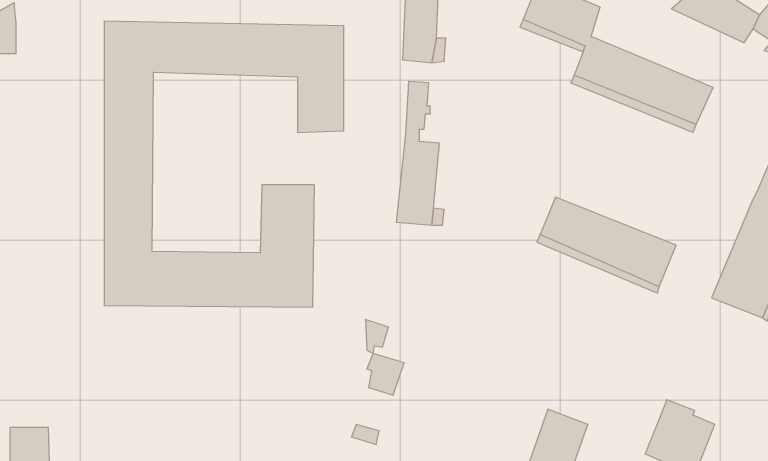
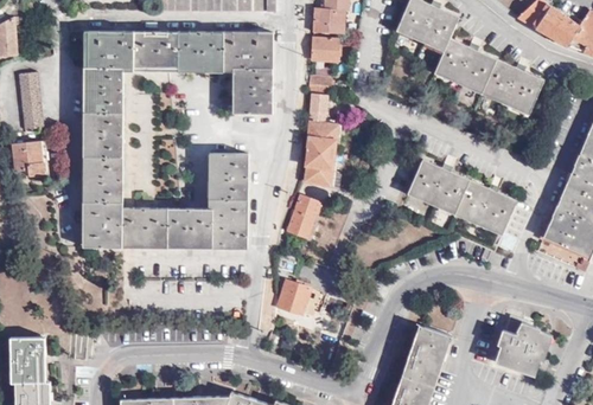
building: none -> [19,71,40,130]
building: none -> [7,140,43,176]
building: none -> [292,197,321,237]

